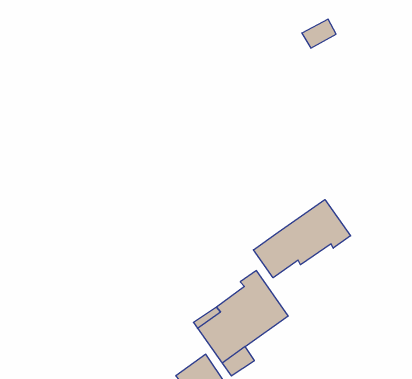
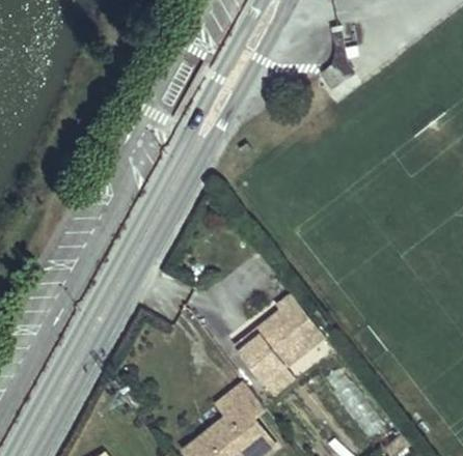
building: [253,200,351,278] -> none

